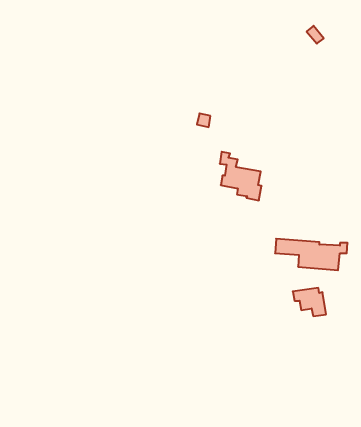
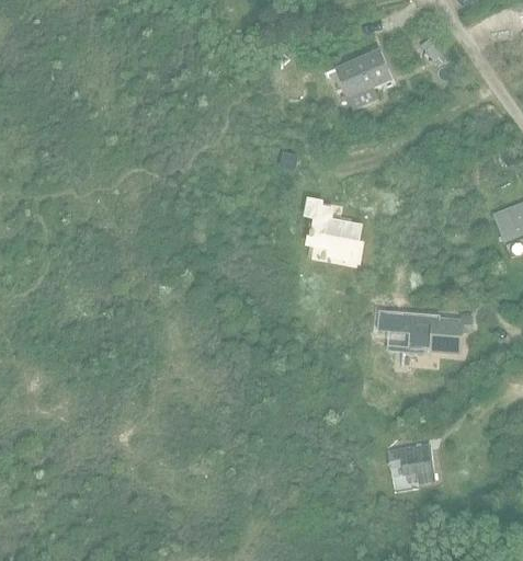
building: none -> [334,49,390,98]
building: [293,288,326,316] -> [391,445,434,481]

